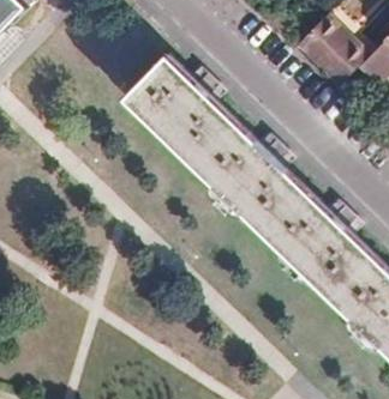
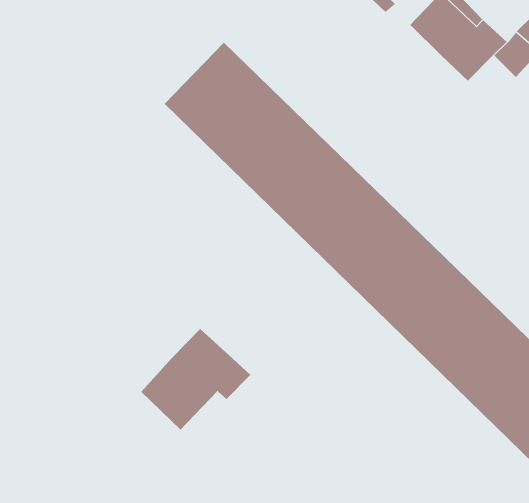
building: none -> [141,328,251,430]

